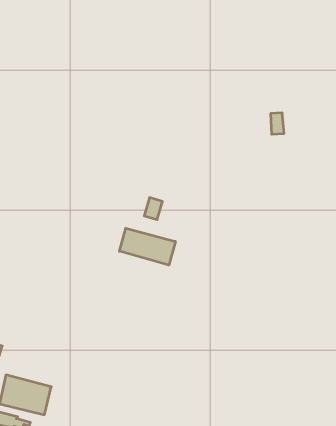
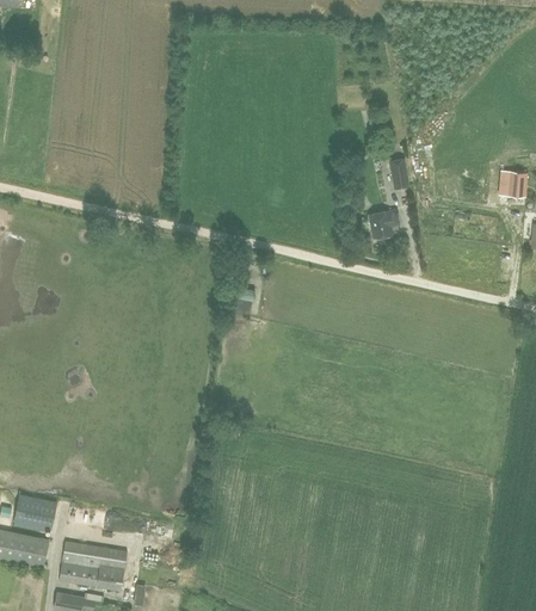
building: none -> [369,210,399,237]
building: [119,228,175,265] -> none

